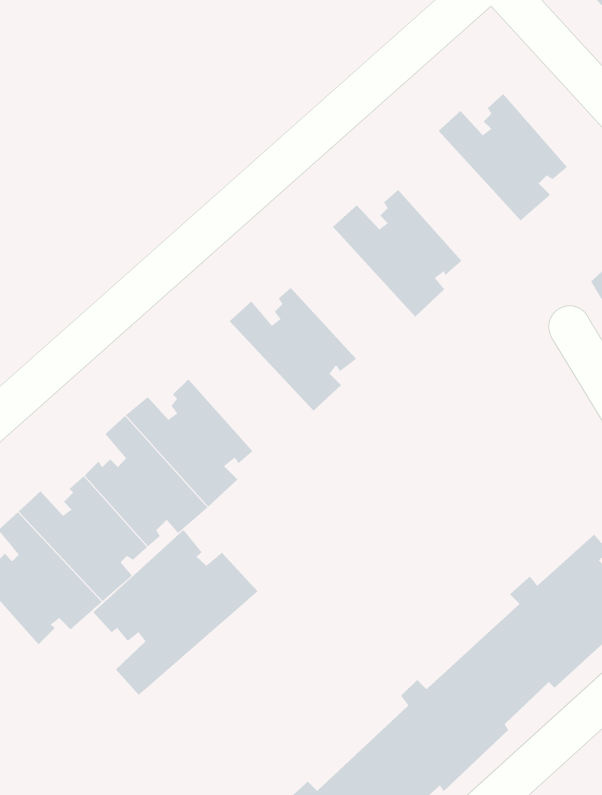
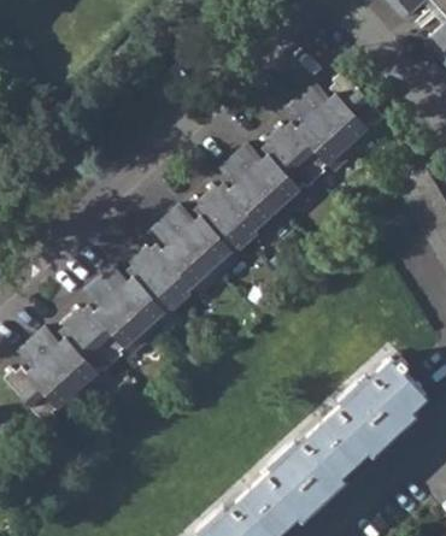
building: none -> [272,95,351,178]
building: none -> [204,157,283,241]
building: none -> [139,217,218,300]
building: [93,529,259,696] -> none

